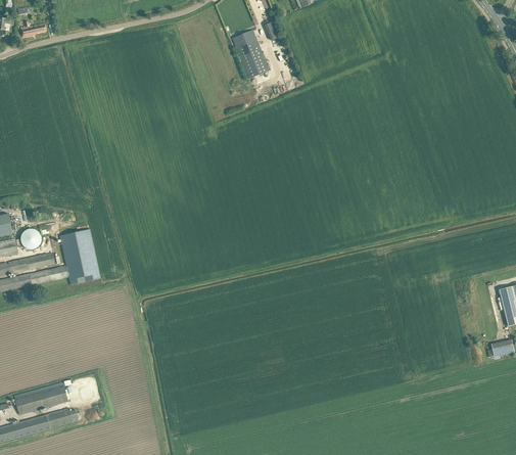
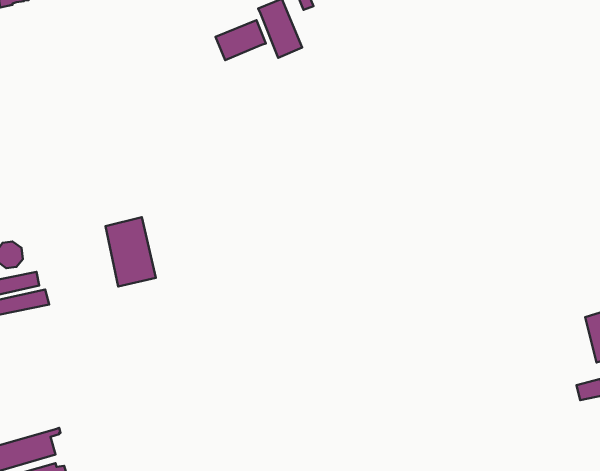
building: none -> [216,20,266,60]
building: [59,228,100,284] -> [105,217,156,287]

